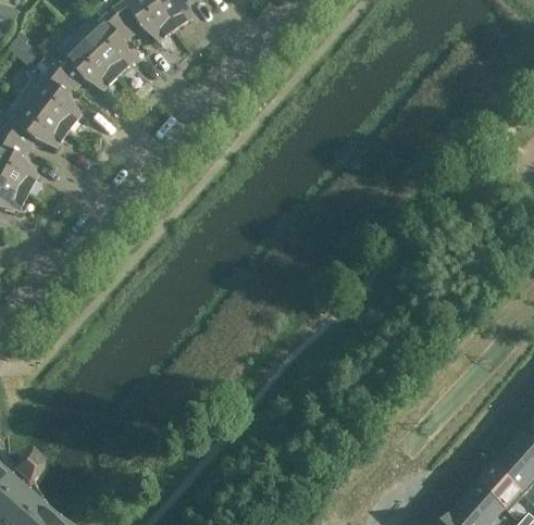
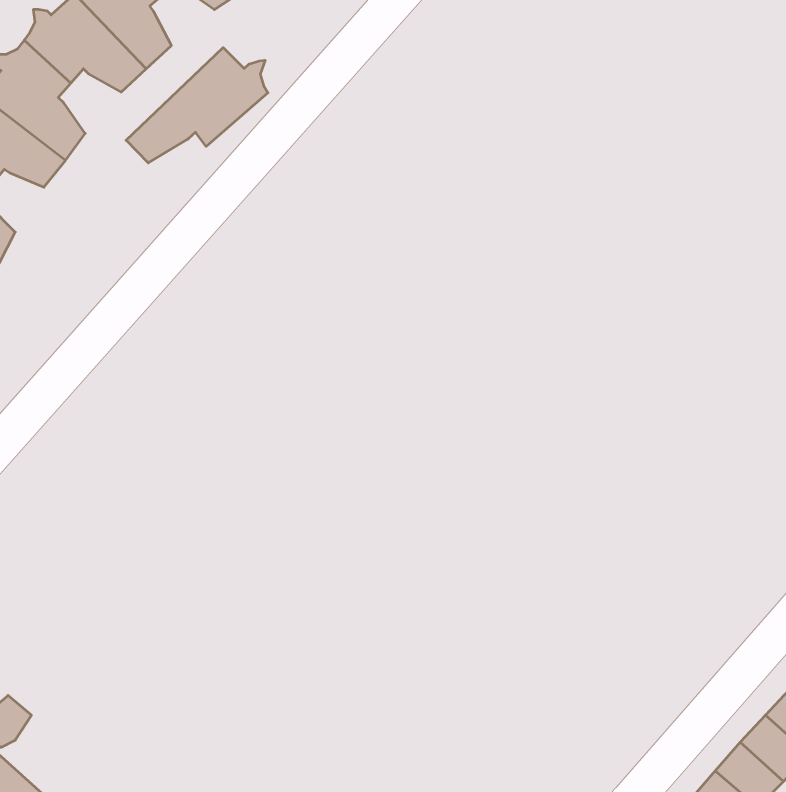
building: none -> [126,48,268,163]

